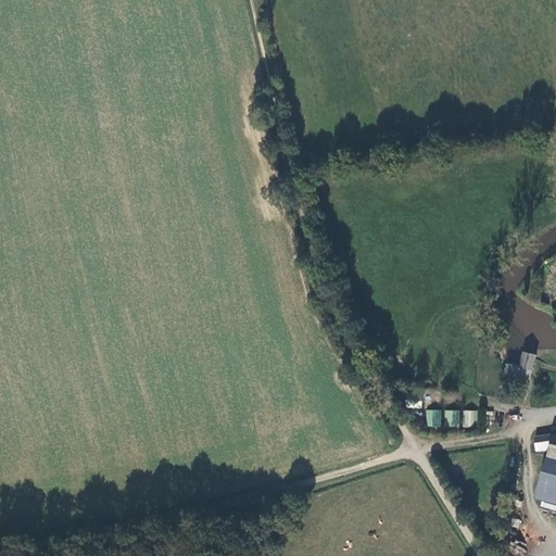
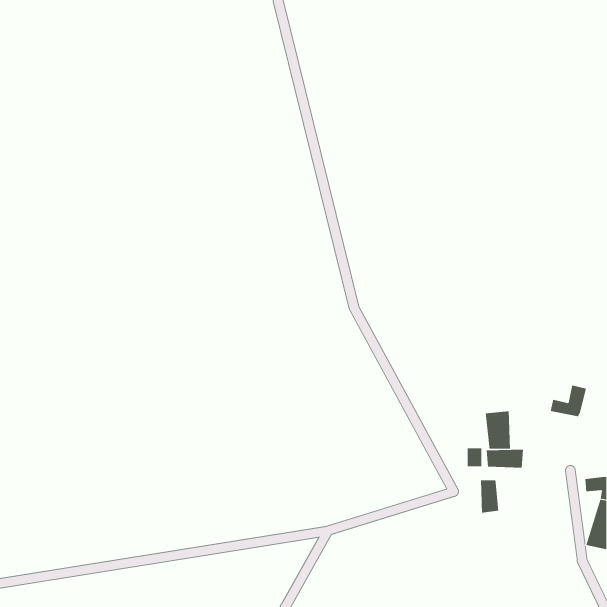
building: none -> [485,410,510,449]
building: none -> [480,479,499,513]

